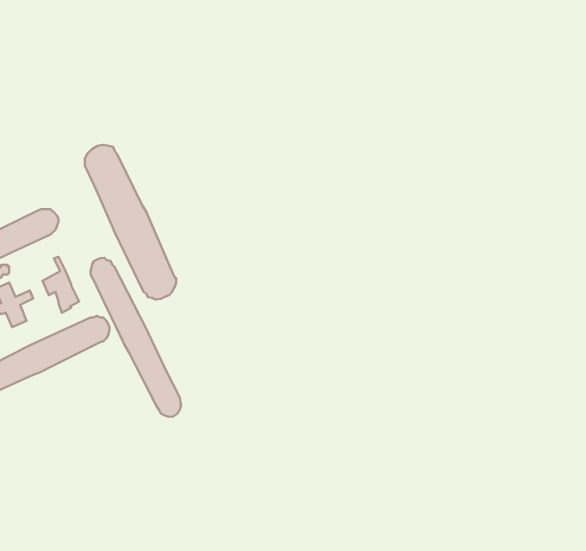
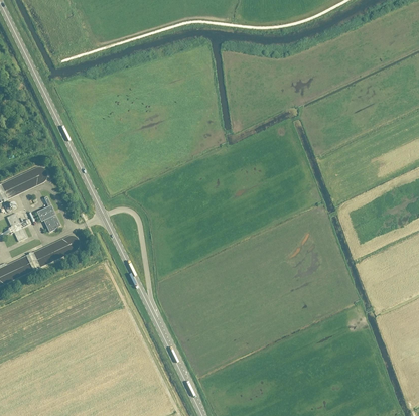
building: [85,145,176,300] -> none
building: [91,258,181,417] -> none

